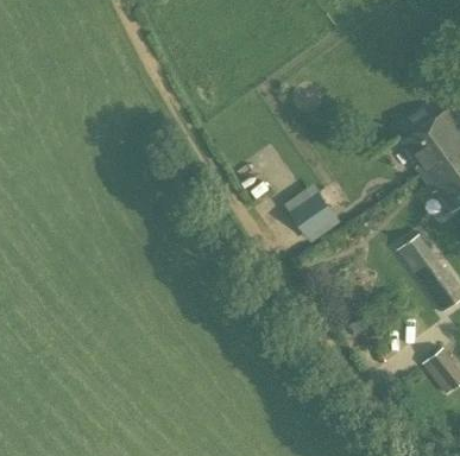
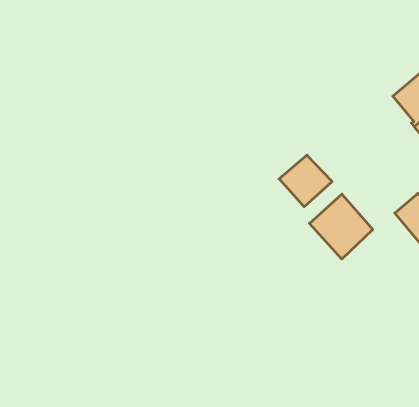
building: none -> [309,194,373,259]

